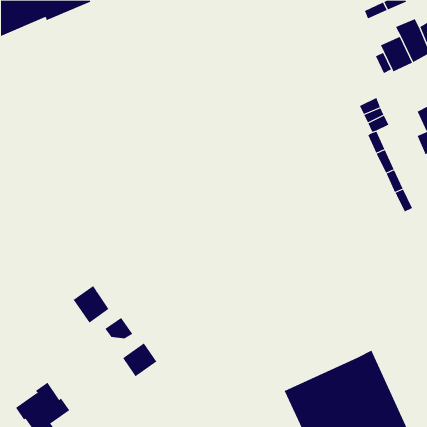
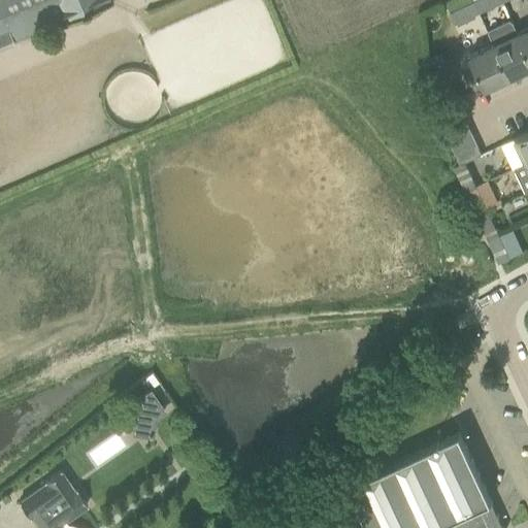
building: [73,285,110,323] -> none
building: [122,343,157,377] -> none

